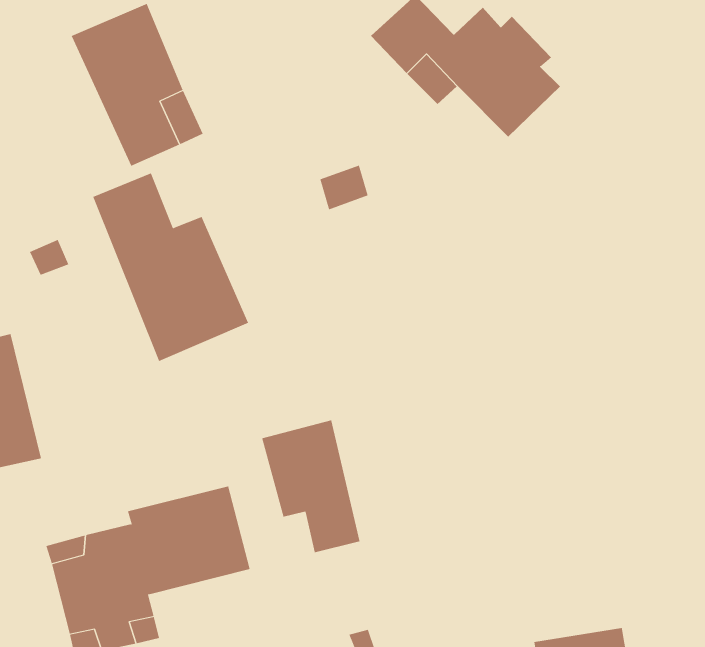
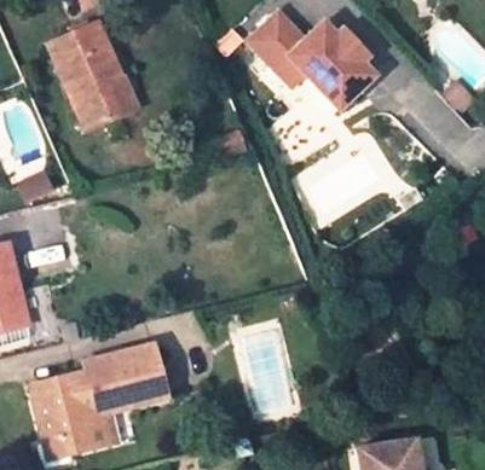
building: [93,172,249,362] -> none
building: [261,420,360,553] -> none

